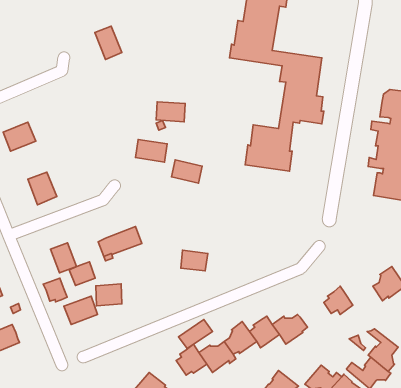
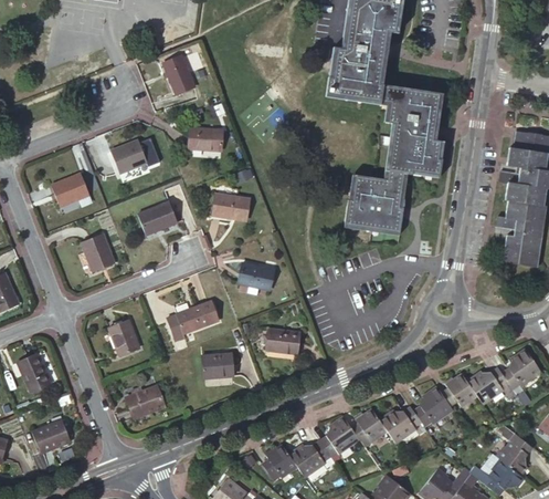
building: none -> [110,138,148,174]
building: [156,102,185,122] -> [188,126,223,150]
building: none -> [137,200,178,235]
building: [171,160,202,183] -> [237,261,275,290]
building: [69,262,95,286] -> none
building: [43,278,67,302] -> none
building: none -> [467,366,516,404]
building: [96,284,122,306] -> [202,352,234,378]
building: none -> [413,385,454,426]
building: [179,319,212,349] -> none

